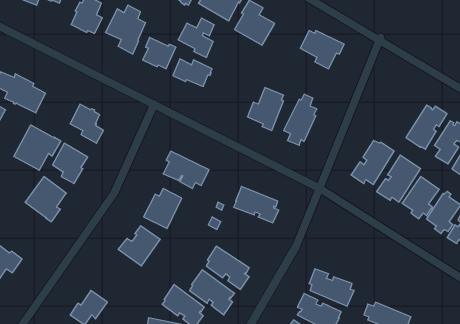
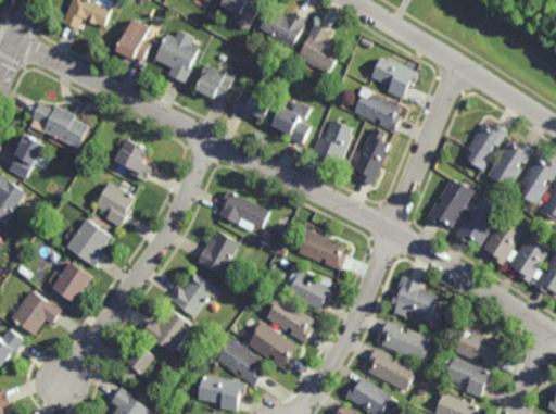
building: [178,18,214,57] -> [269,100,309,143]
building: none -> [352,86,401,131]
building: none -> [466,123,506,170]
building: [14,125,61,170] -> none
building: none -> [50,262,91,304]
building: none -> [283,271,332,310]
building: none -> [389,276,438,318]
building: none -> [140,309,193,354]
building: none -> [455,330,503,368]

